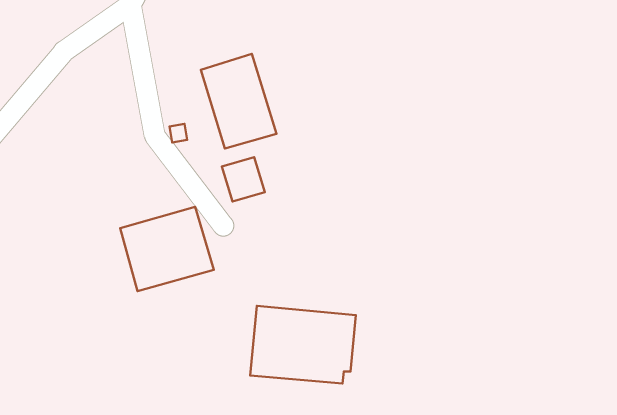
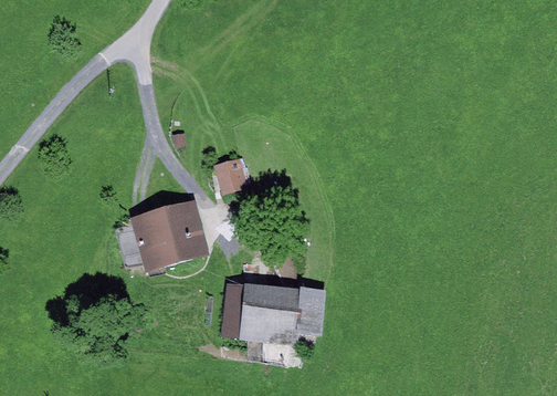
building: [201,54,276,148] -> none

